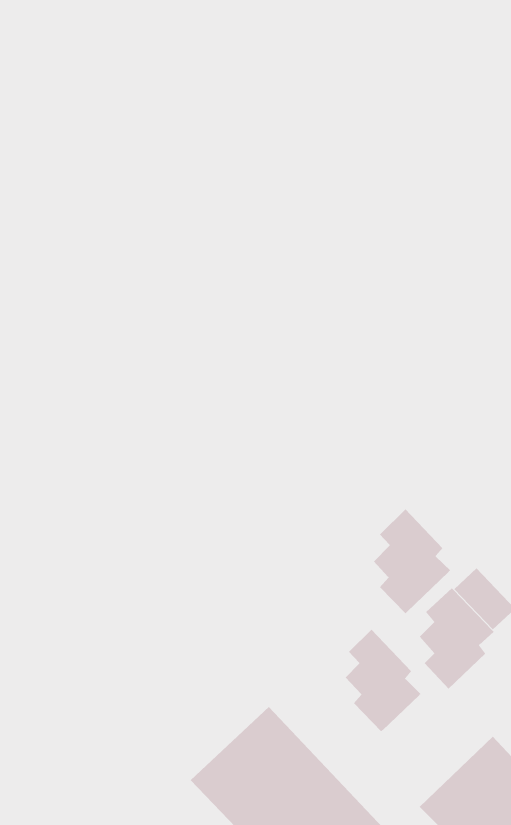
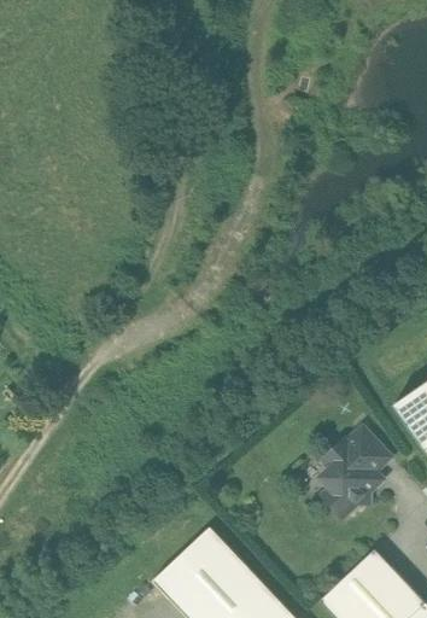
building: [373,509,451,614] -> none
building: [345,629,421,732] -> none

